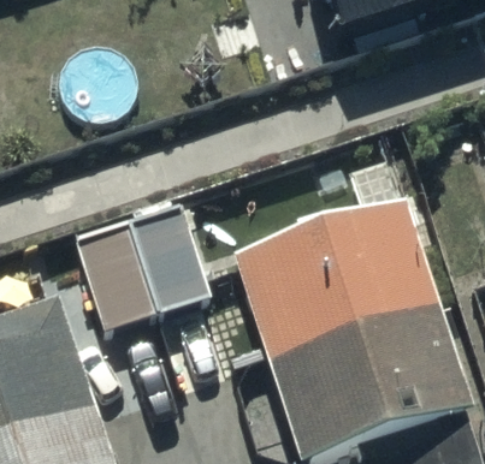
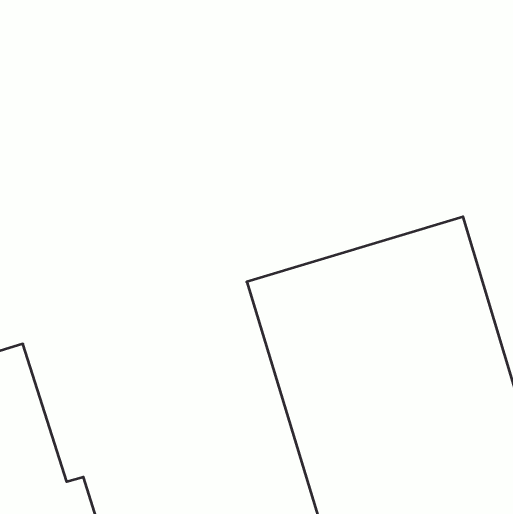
building: [60,208,214,332] -> none

